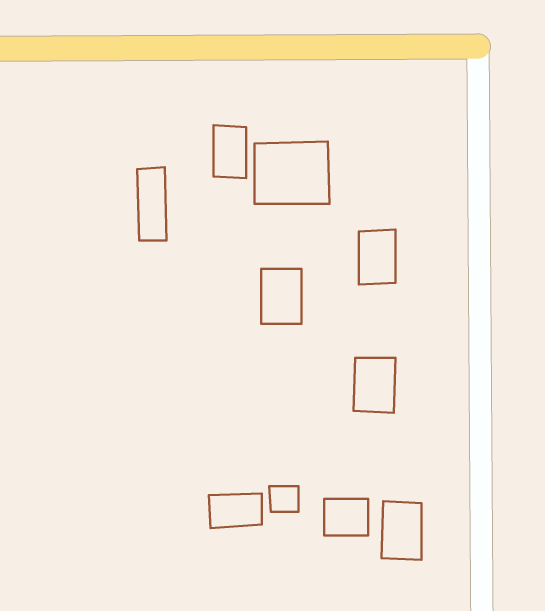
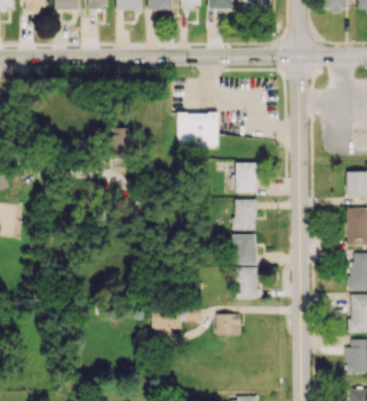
building: [213,125,246,178] -> none
building: [261,269,301,324] -> [234,199,257,230]
building: [381,501,422,560] -> [235,266,258,299]

